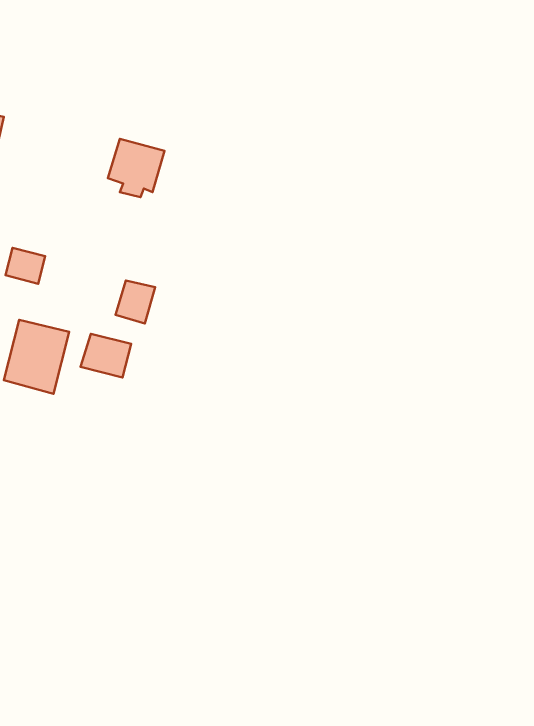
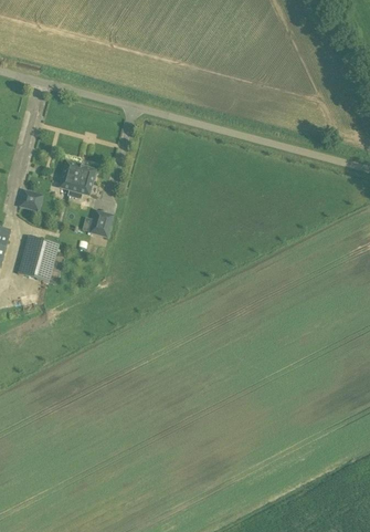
building: [108,139,164,197] -> [59,161,95,199]
building: [81,334,131,378] -> none

